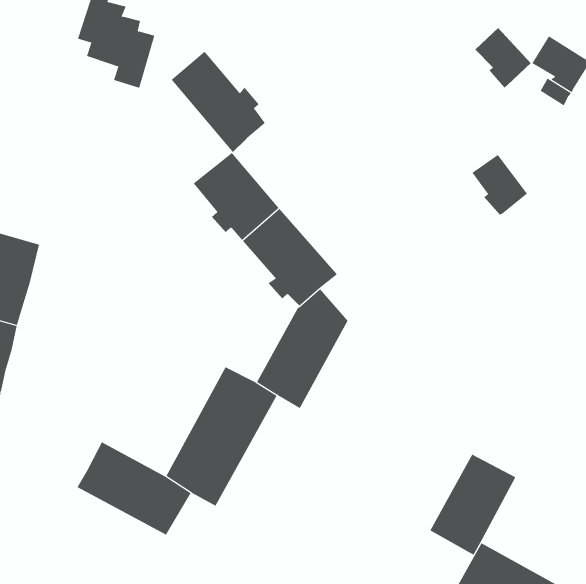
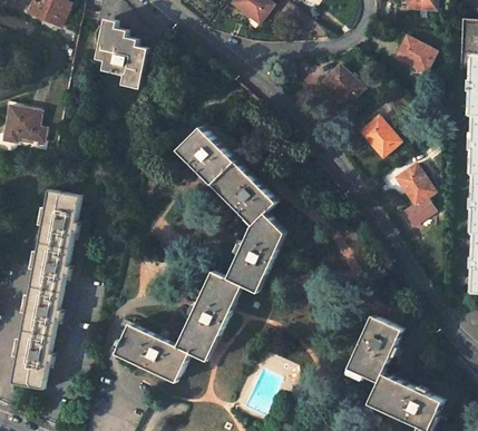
building: [475,27,531,89] -> [323,66,361,106]
building: [171,51,267,153] -> none
building: none -> [397,165,433,226]

